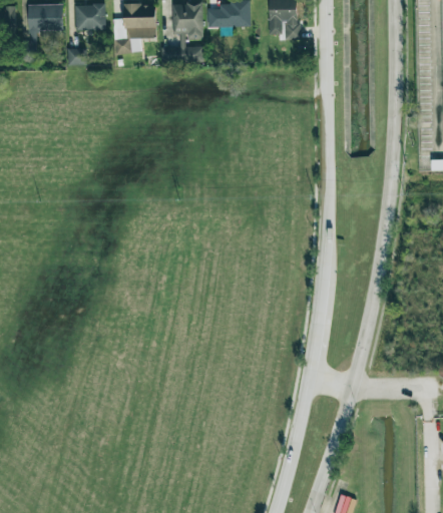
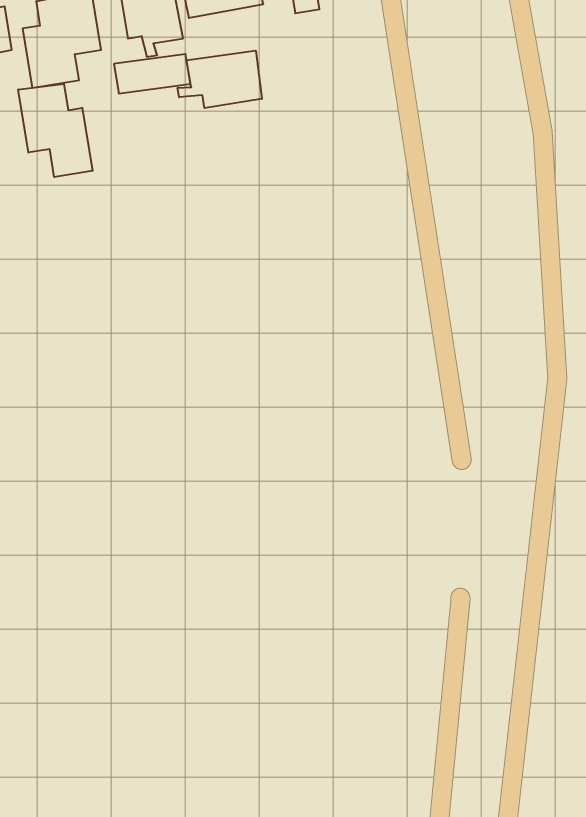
building: none -> [178,51,262,108]
building: none -> [18,84,92,177]

